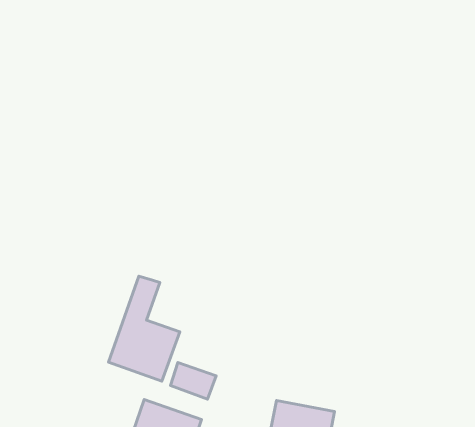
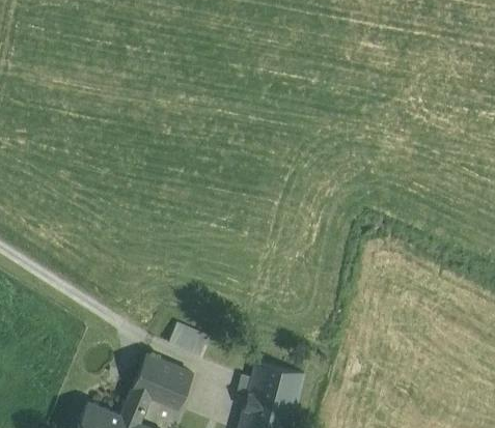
building: [108,276,180,381] -> none

